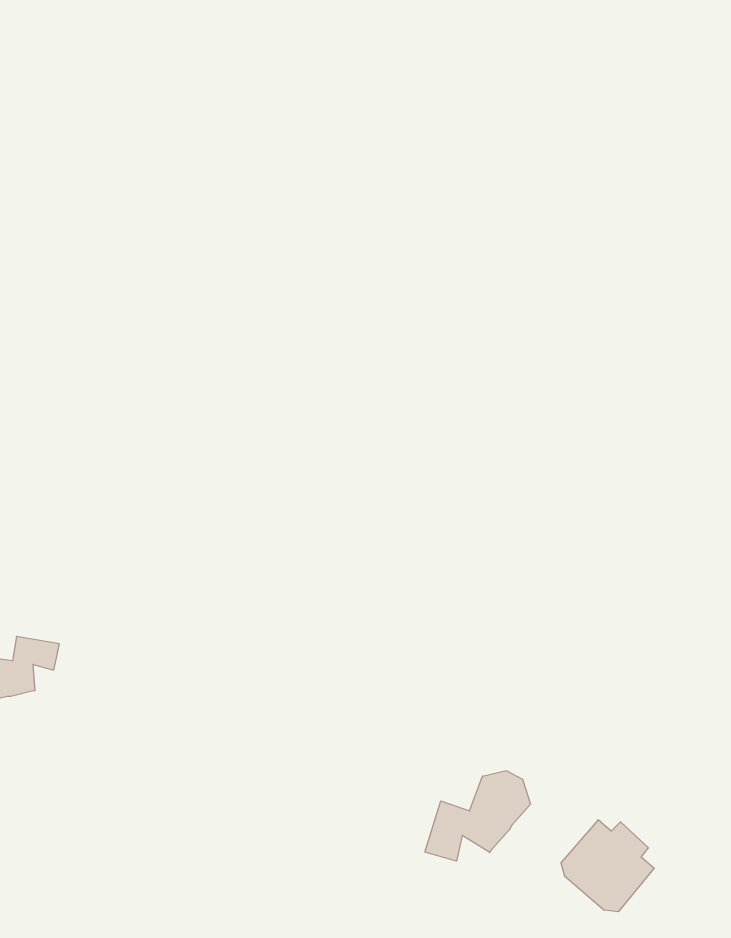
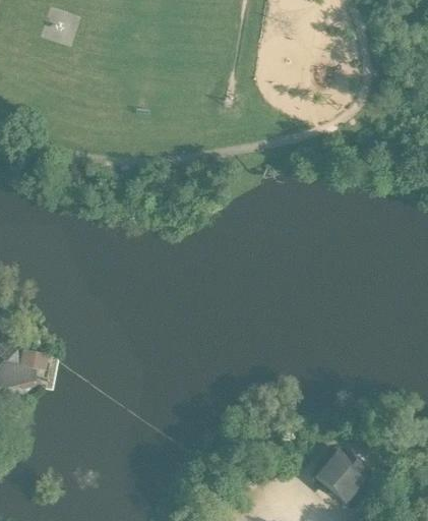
building: [425,771,531,861] -> none

